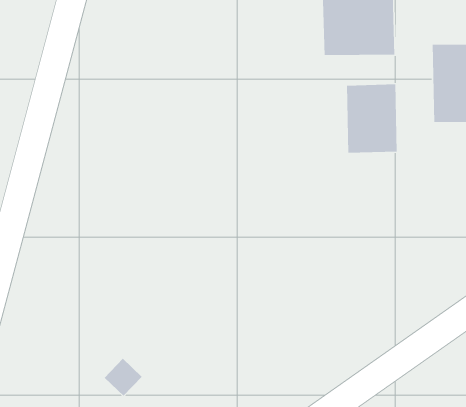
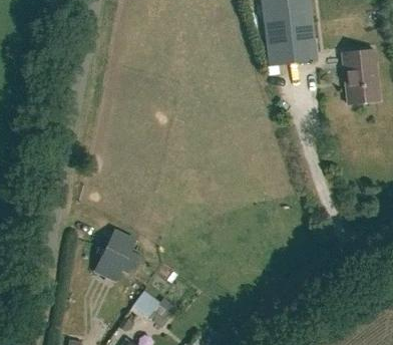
building: [346,84,397,154] -> none
building: none -> [93,227,141,281]

